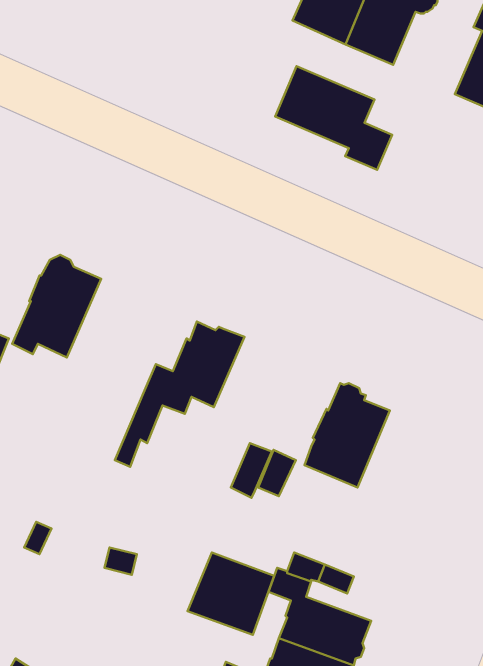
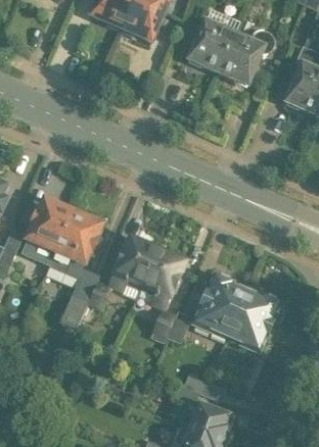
building: [275,66,392,170] -> none
building: none -> [52,211,102,329]
building: none -> [140,246,185,306]
building: none -> [226,290,279,350]
building: [188,552,274,635] -> none

